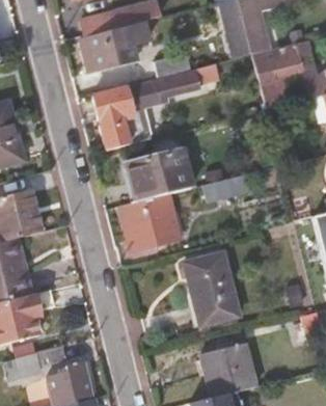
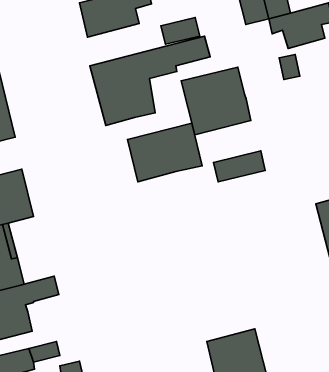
building: none -> [181,67,251,135]
building: [120,192,182,251] -> none
building: [186,252,241,326] -> none

